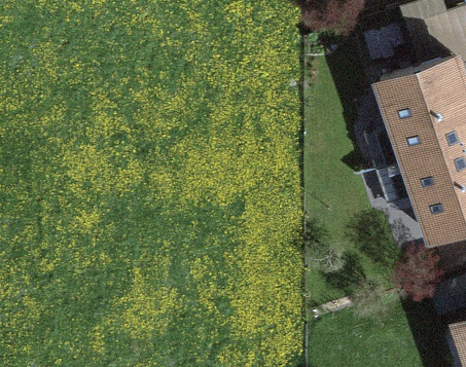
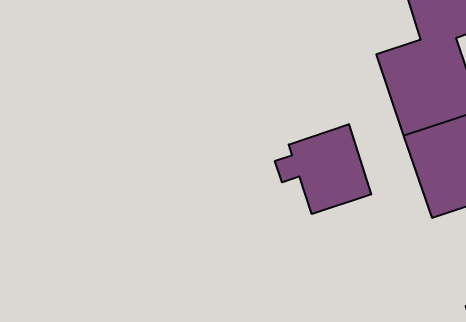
building: none -> [275,124,371,214]

